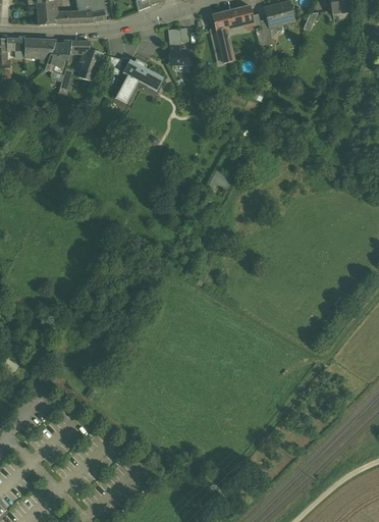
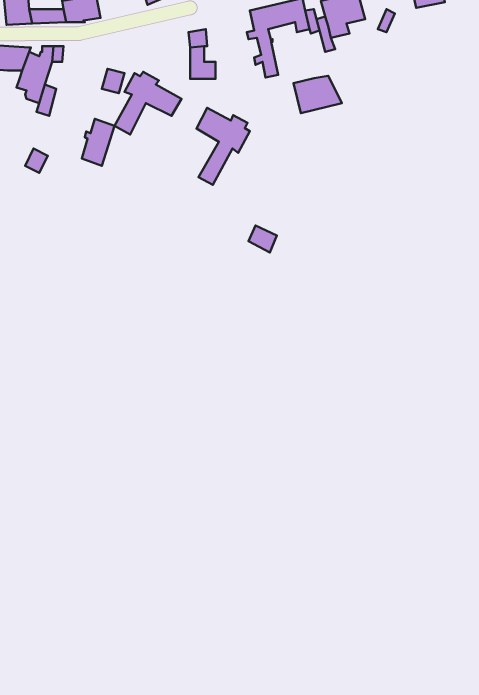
building: [77,47,101,81] -> [82,119,115,166]
building: none -> [294,76,342,113]
building: none -> [197,108,250,185]

